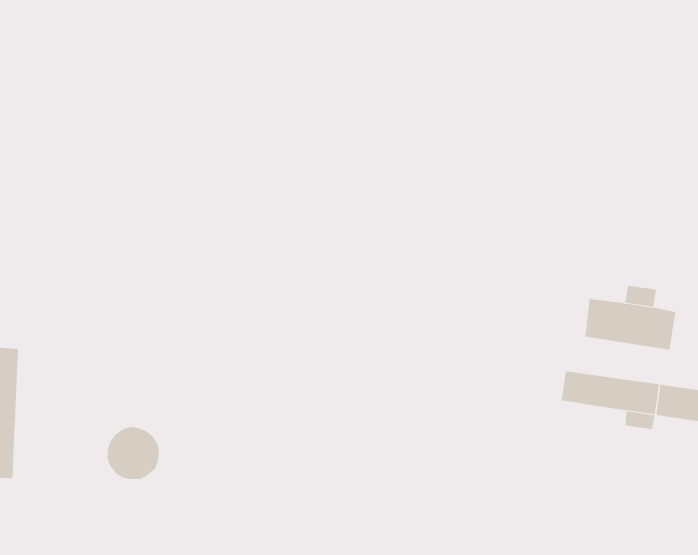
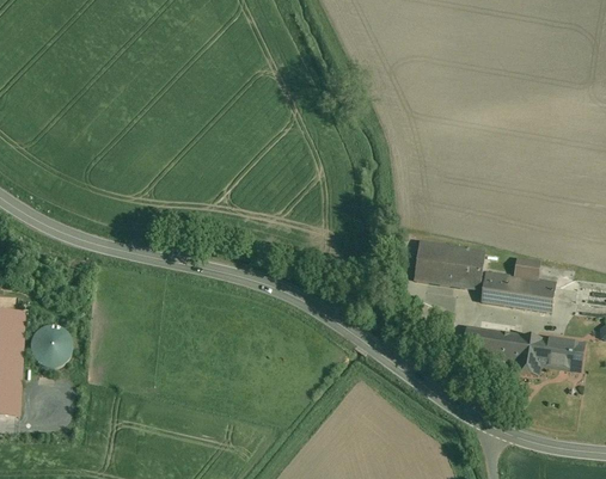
building: none -> [415,242,485,289]
building: [107,426,160,480] -> [29,324,72,367]

